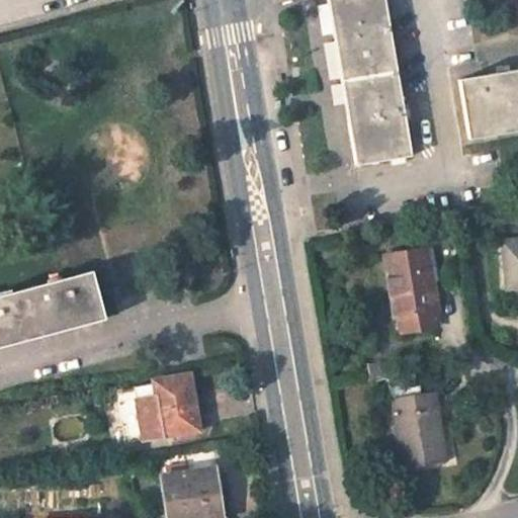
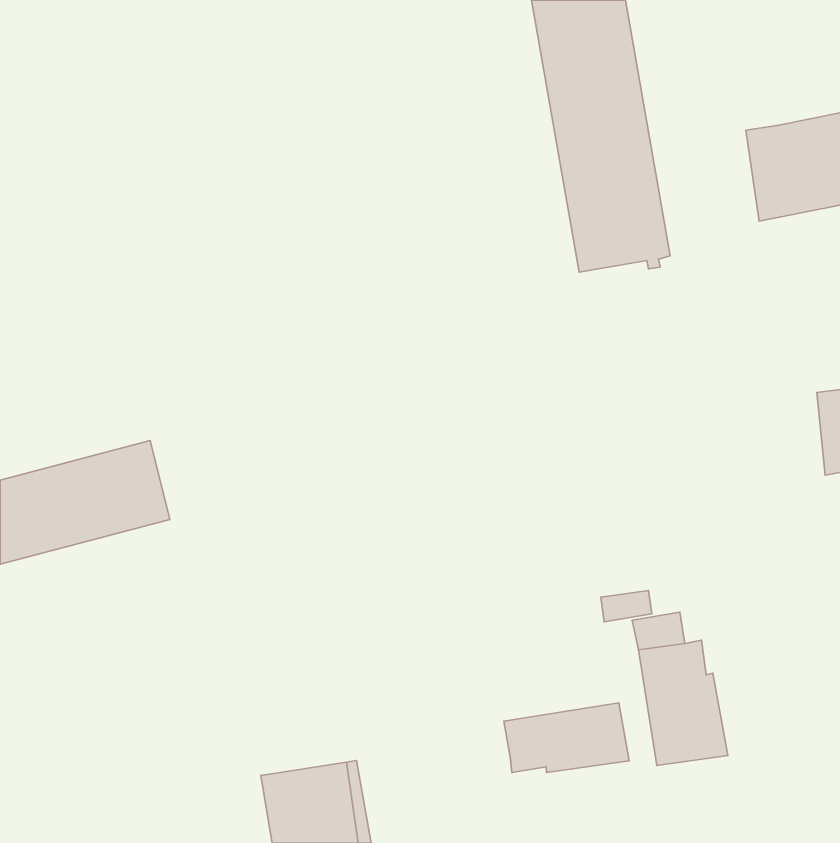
building: [384,249,439,333] -> none
building: [118,373,202,444] -> none
building: none -> [504,703,629,773]

